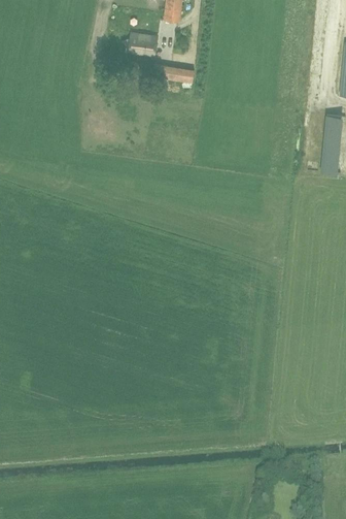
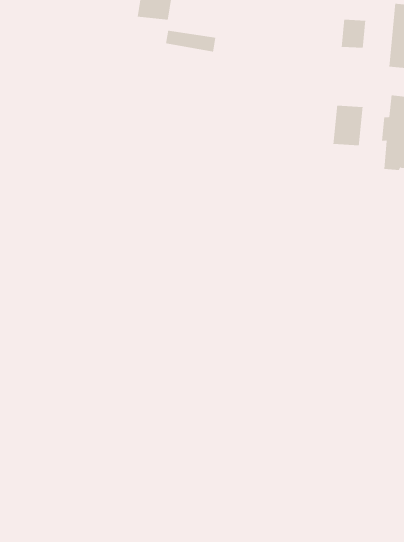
building: none -> [341,19,366,49]
building: none -> [333,105,363,146]

